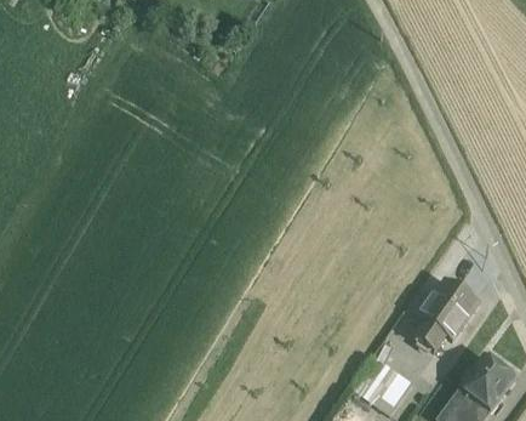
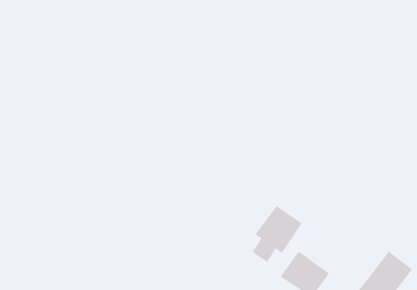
building: [414,279,478,351] -> [252,205,303,263]

